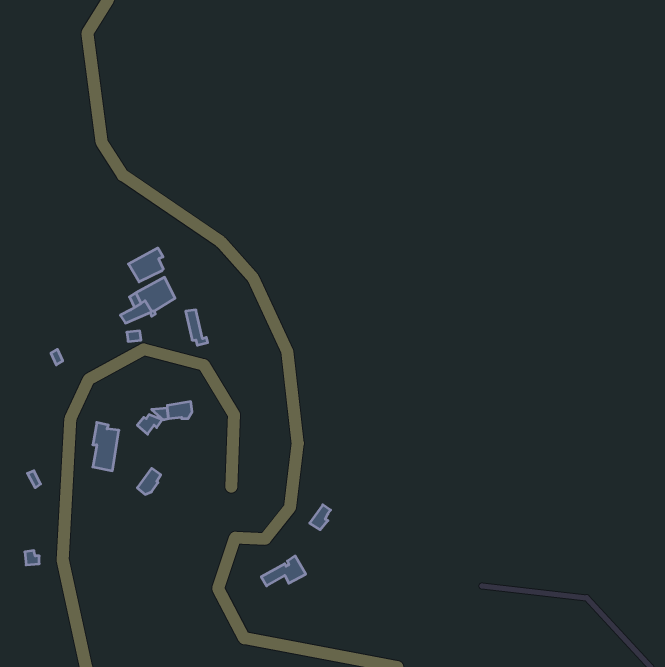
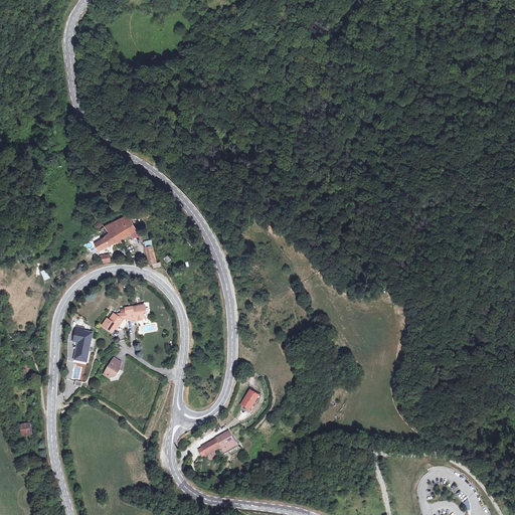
building: [128,248,163,282] -> none

